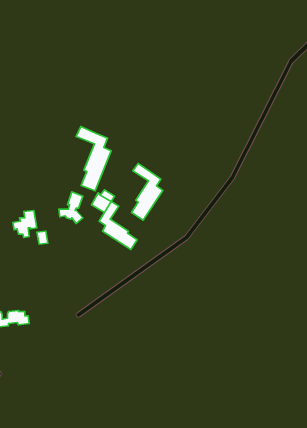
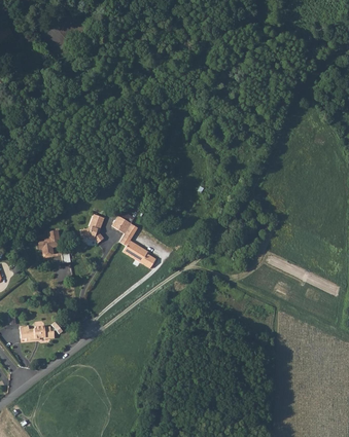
building: [76,126,111,191] -> none
building: [131,163,163,220] -> none

